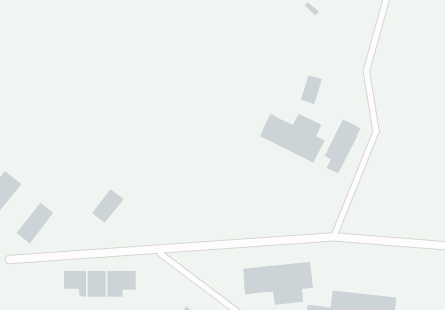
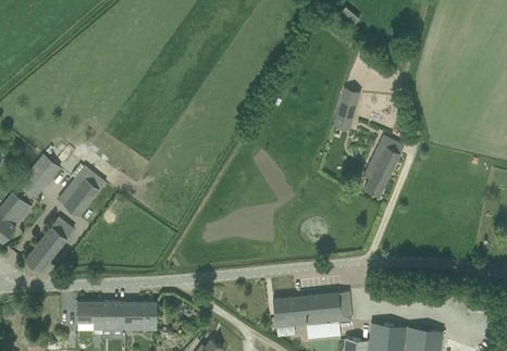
building: [259,113,325,164] -> none
building: none -> [18,154,61,199]
building: [91,188,125,224] -> [63,178,100,217]

